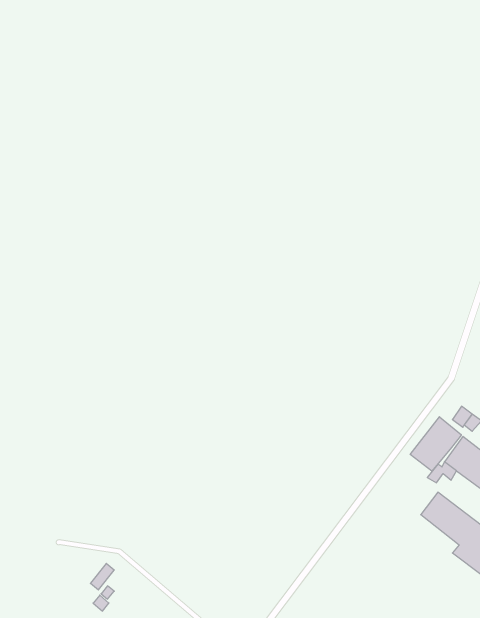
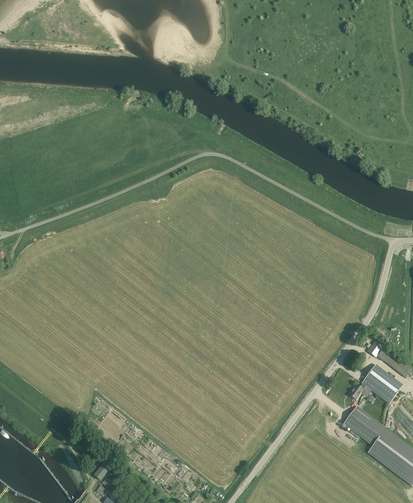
building: [410,417,461,471] -> none

